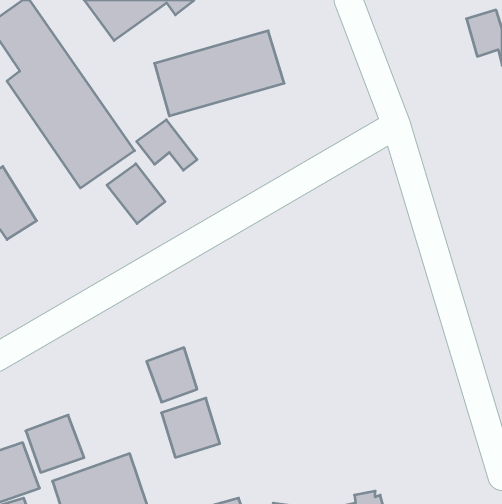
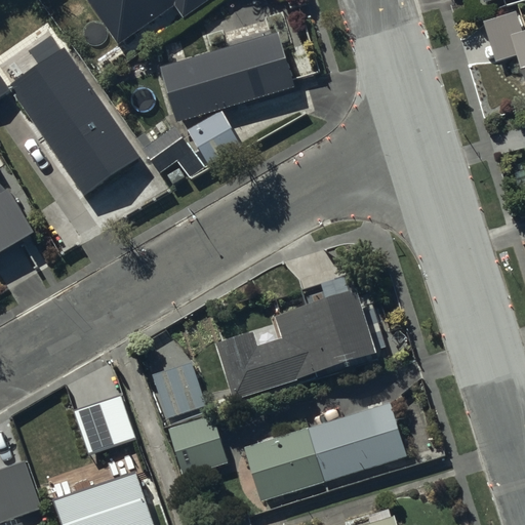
building: none -> [187,111,240,164]
building: [107,164,165,224] -> none
building: none -> [218,288,383,400]
building: none -> [244,402,405,501]
building: [26,415,84,472] -> [74,396,134,455]

